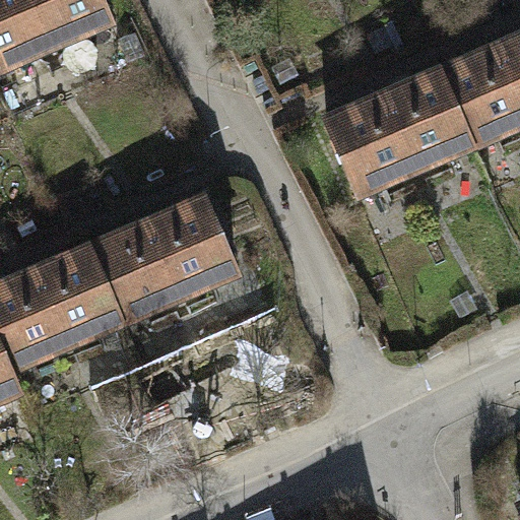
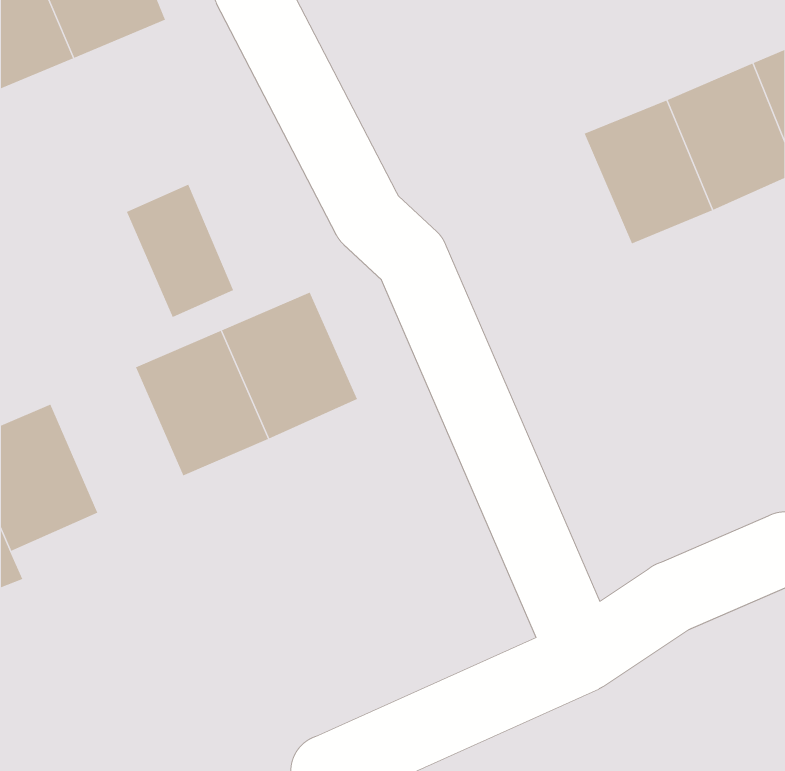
building: [325,88,417,188] -> none
building: none -> [126,184,234,318]
building: [34,243,121,339] -> none

